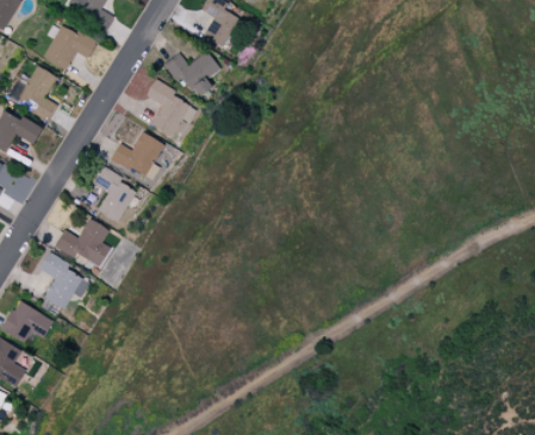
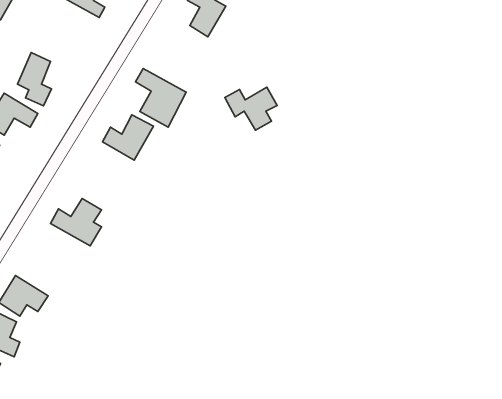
building: [44,26,95,70] -> none
building: [164,52,219,98] -> [225,87,277,130]
building: [92,167,138,224] -> none
building: [39,255,91,310] -> none

